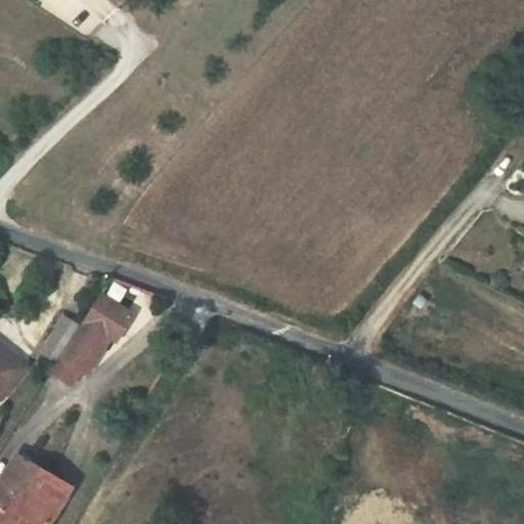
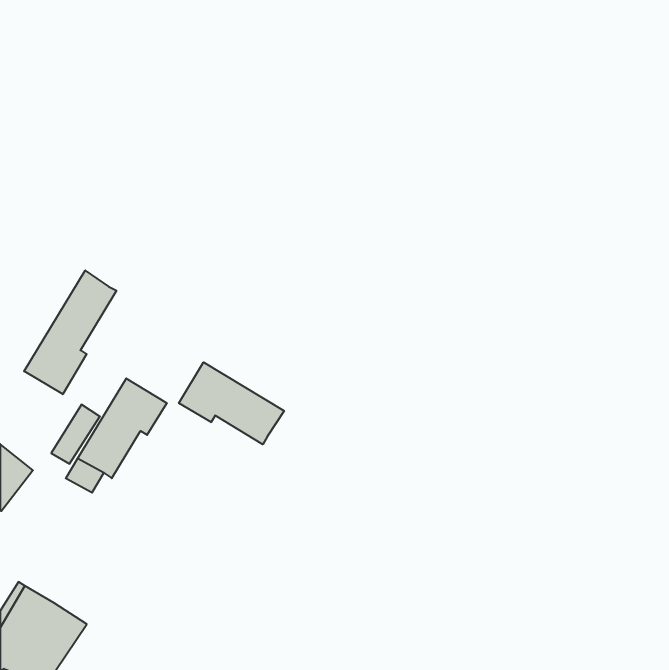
building: none -> [24,270,116,394]
building: none -> [179,362,284,444]

